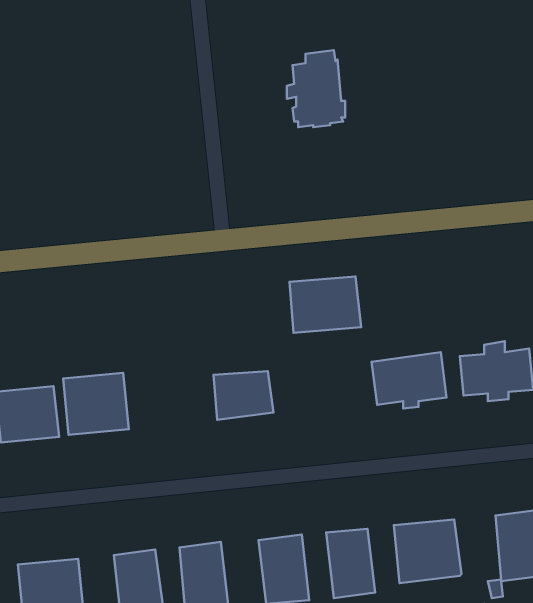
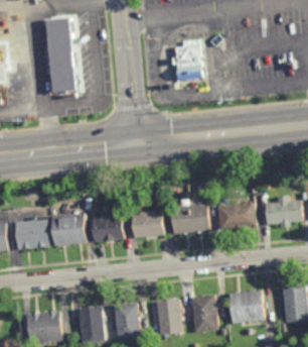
building: none -> [43,16,80,95]
building: [290,276,361,333] -> [171,203,209,233]
building: none -> [92,214,124,241]

